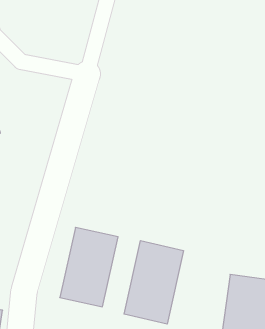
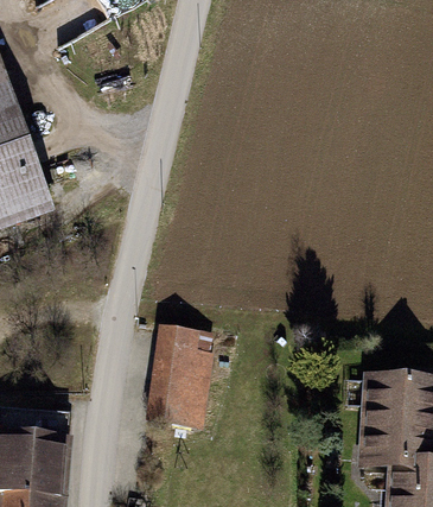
building: [124,241,183,324] -> none

